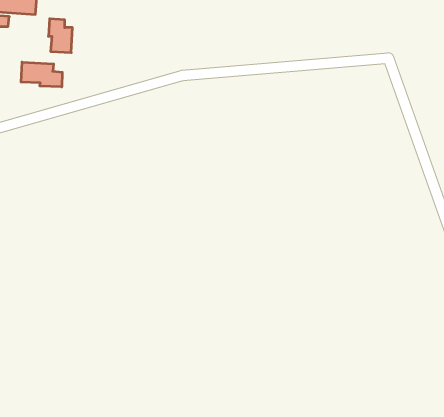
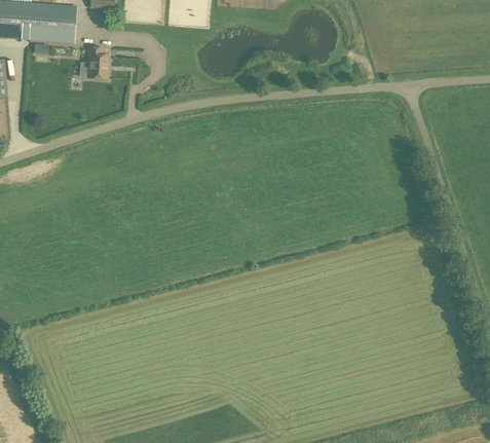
building: [21,62,62,87] -> none

